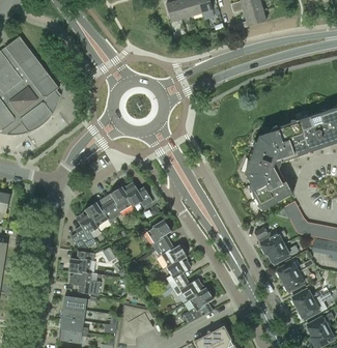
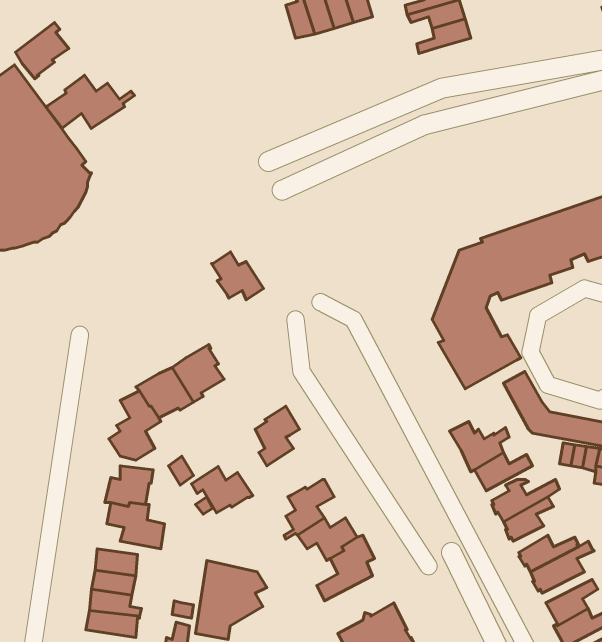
building: none -> [16,23,69,79]
building: none -> [47,75,134,129]
building: [124,182,152,208] -> [211,252,263,300]
building: [156,242,189,267] -> [191,467,253,513]

